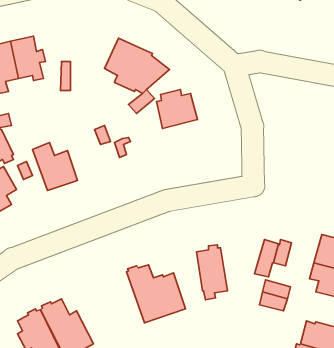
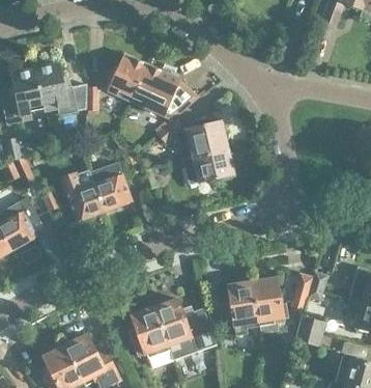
building: none -> [104,55,147,96]
building: none -> [184,148,235,184]
building: none -> [94,175,132,212]
building: none -> [253,276,285,333]
building: none -> [130,305,174,368]

